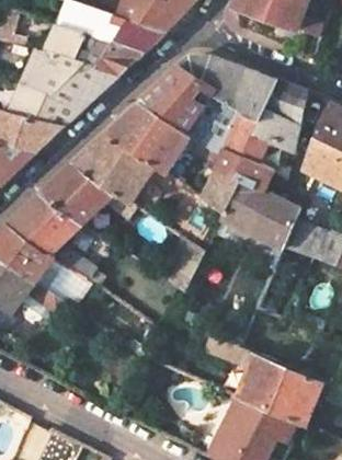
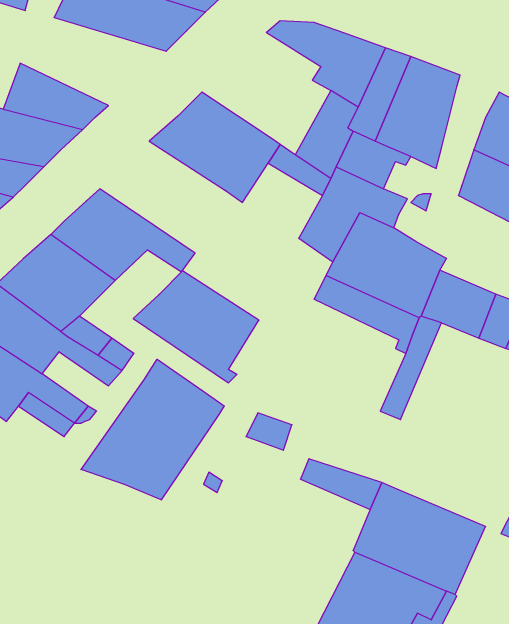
building: [22,51,116,110] -> none
building: [139,62,216,131] -> none
building: [73,133,155,205] -> [133,271,259,383]
building: none -> [81,359,224,500]

